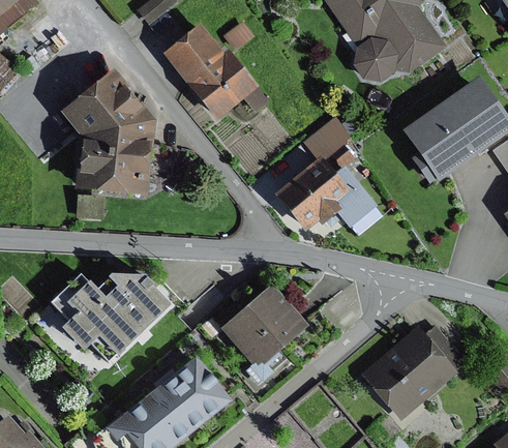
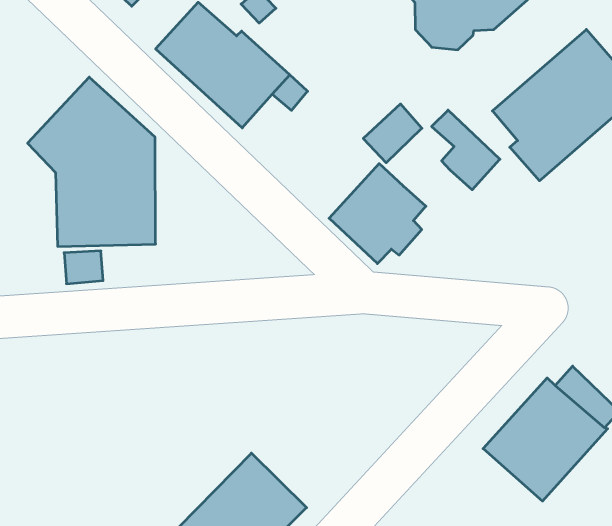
building: [330,166,377,226] -> [432,110,500,190]
building: [60,275,170,359] -> none
building: [219,283,308,365] -> none

